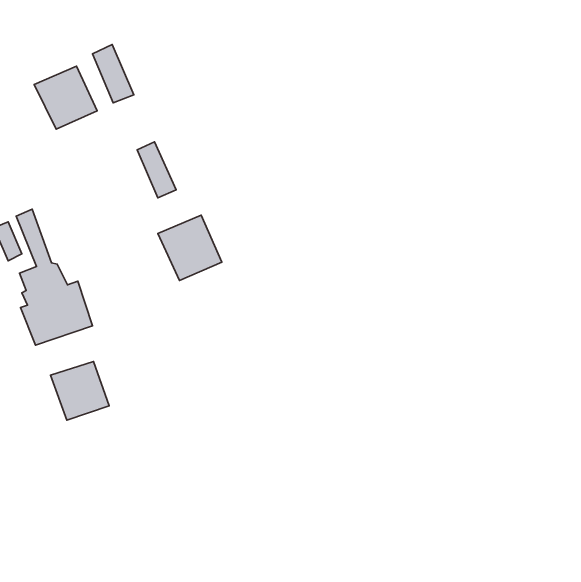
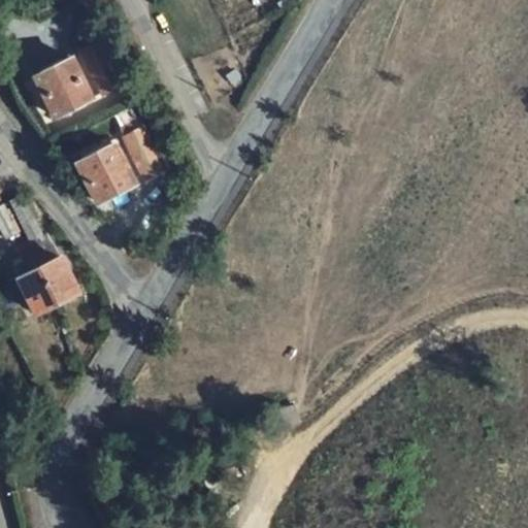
building: [158,215,222,280] -> [70,144,128,203]
building: [50,362,109,420] -> none

